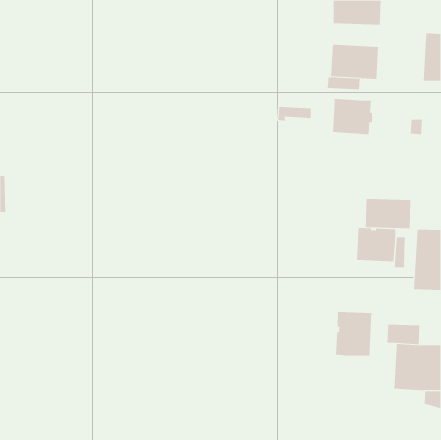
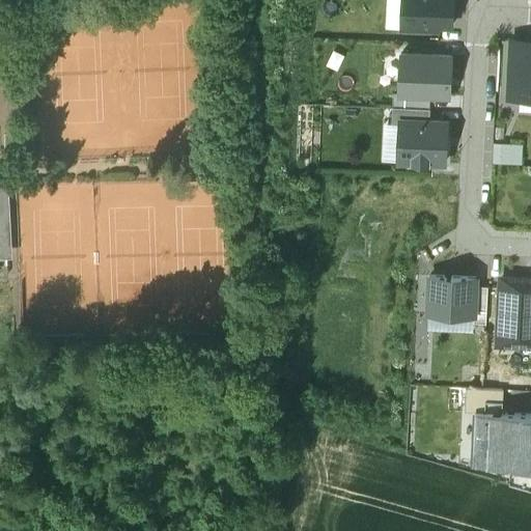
building: [278,106,311,121] -> [391,108,431,125]
building: [365,198,411,229] -> none
building: [336,311,372,356] -> none

